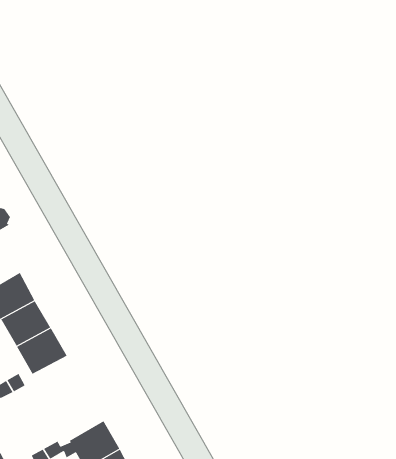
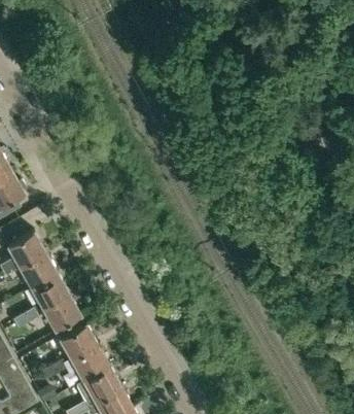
building: none -> [43,295,81,330]
building: none -> [60,323,98,359]

